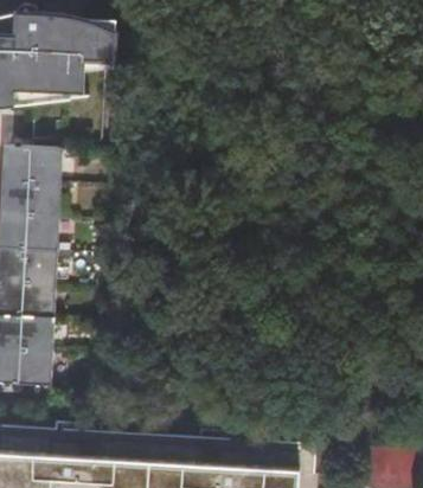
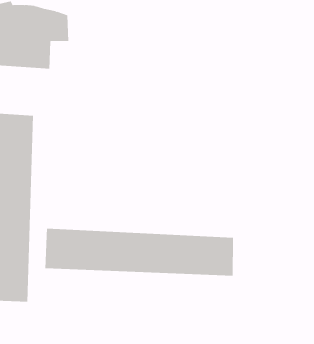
building: none -> [45,228,233,276]

